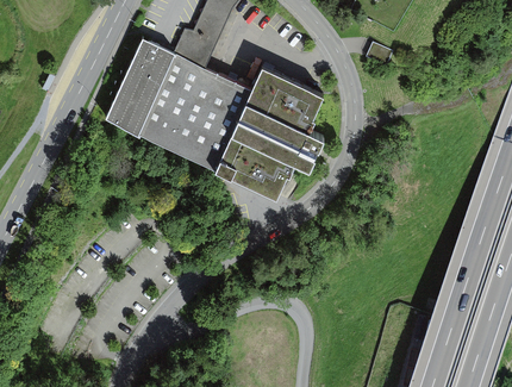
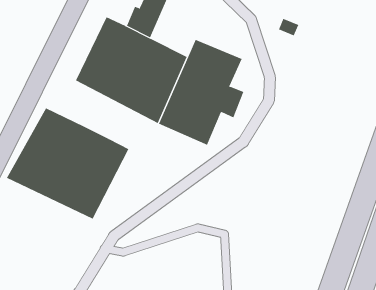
building: none -> [6,108,129,219]

